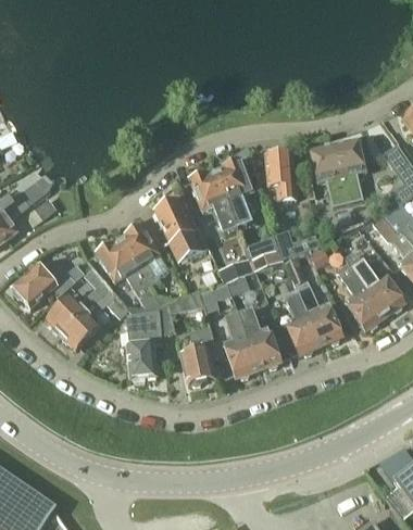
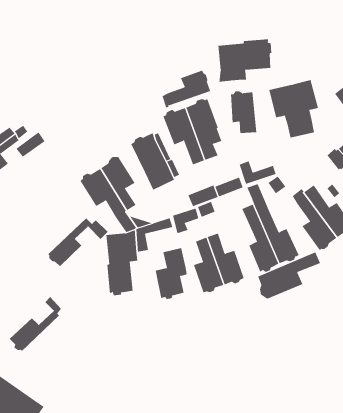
building: none -> [218,38,272,83]
building: none -> [162,70,211,108]
building: [11,258,83,308] -> none
building: [46,270,105,333] -> [9,296,62,352]
building: none -> [258,251,321,299]

